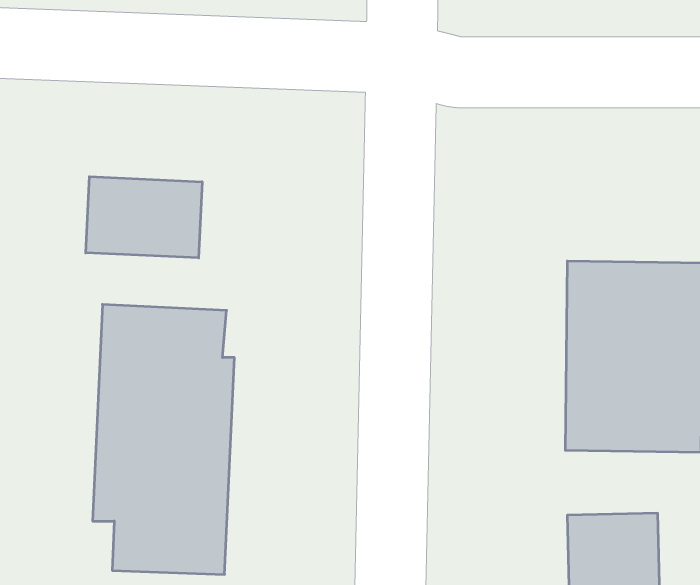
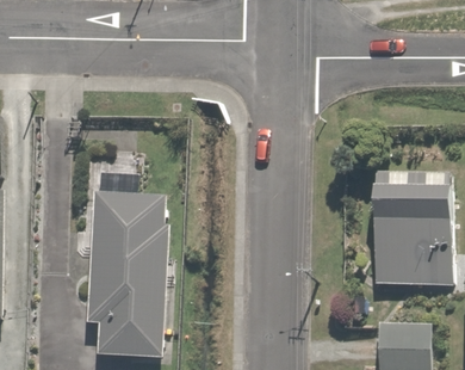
building: [86,177,202,258] -> none

